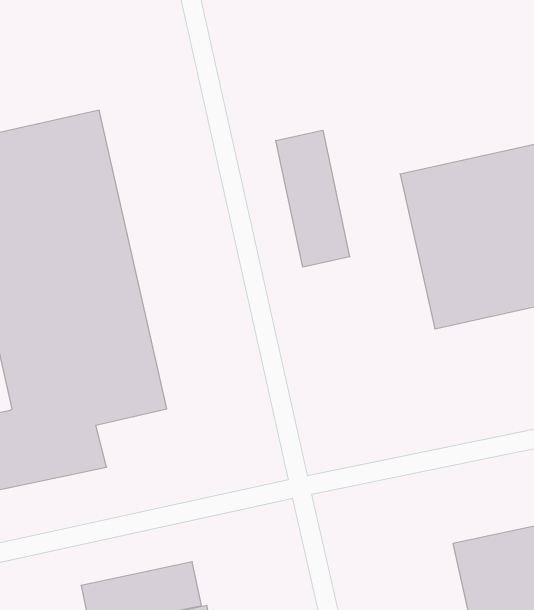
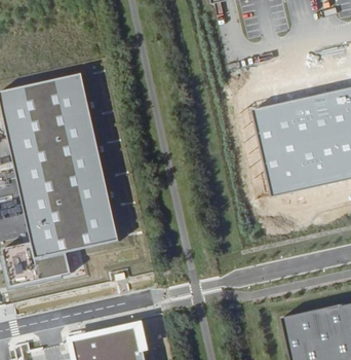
building: [276,130,350,267] -> none

